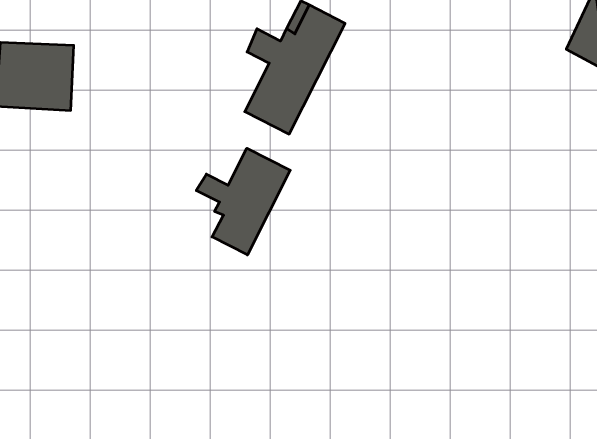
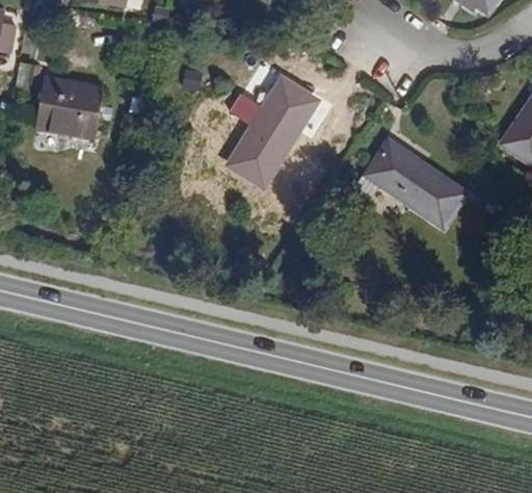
building: none -> [349,142,462,227]
building: [196,148,290,255] -> none

